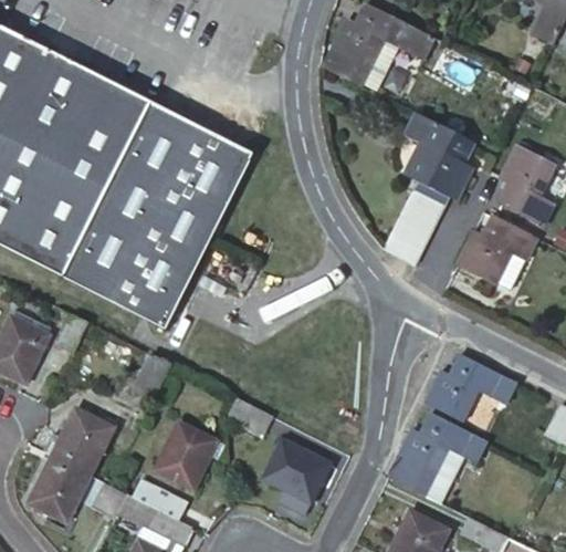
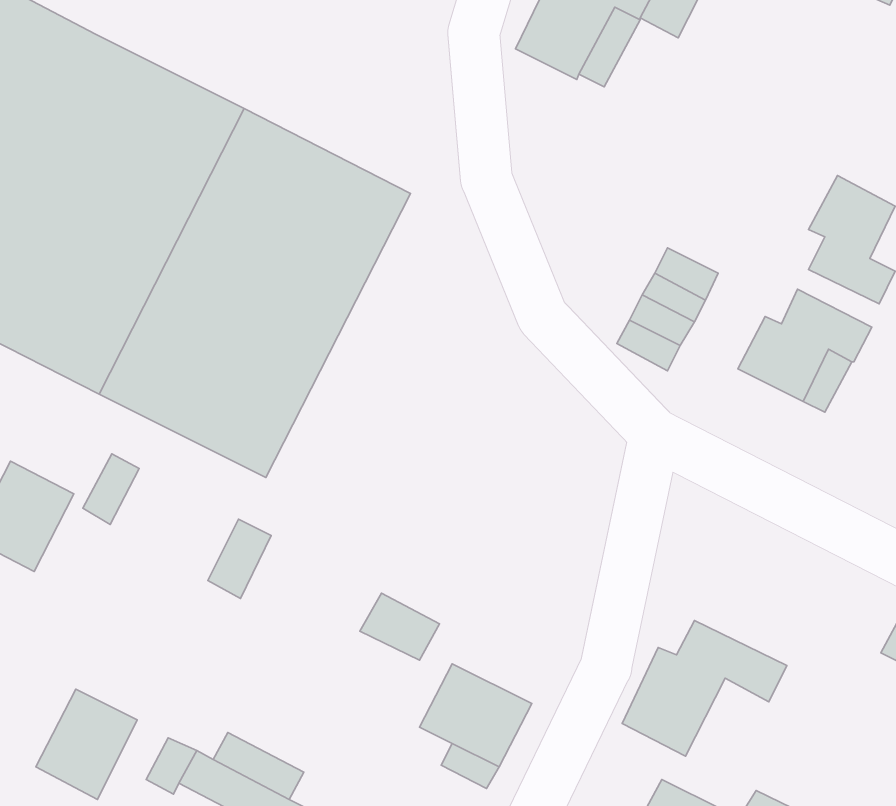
building: [406,112,473,197] -> none
building: [421,355,516,424] -> none
building: [43,410,113,475] -> none
building: [154,423,216,491] -> none

